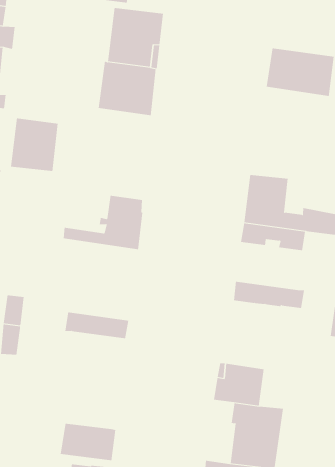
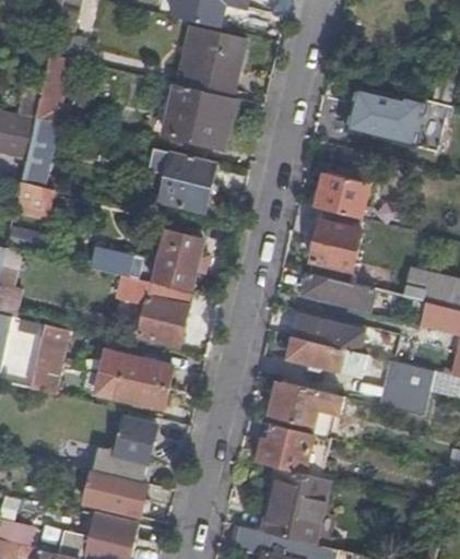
building: [10,118,58,172] -> [158,151,215,213]
building: none -> [315,173,369,218]
building: none -> [120,276,189,345]
building: none -> [292,314,363,353]
building: none -> [268,380,343,427]
building: none -> [104,372,167,408]
building: none -> [86,419,155,483]

